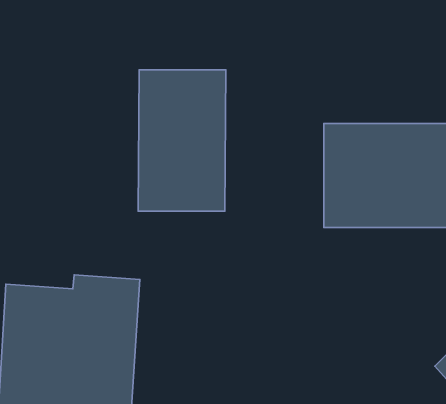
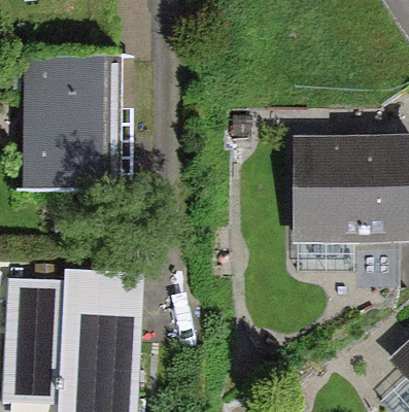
building: [138,70,226,211] -> [28,58,106,183]

